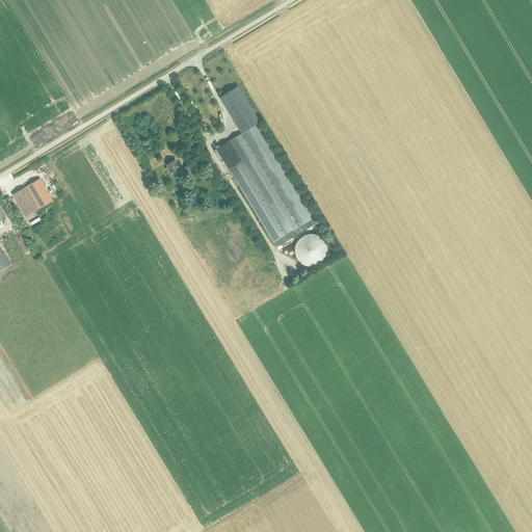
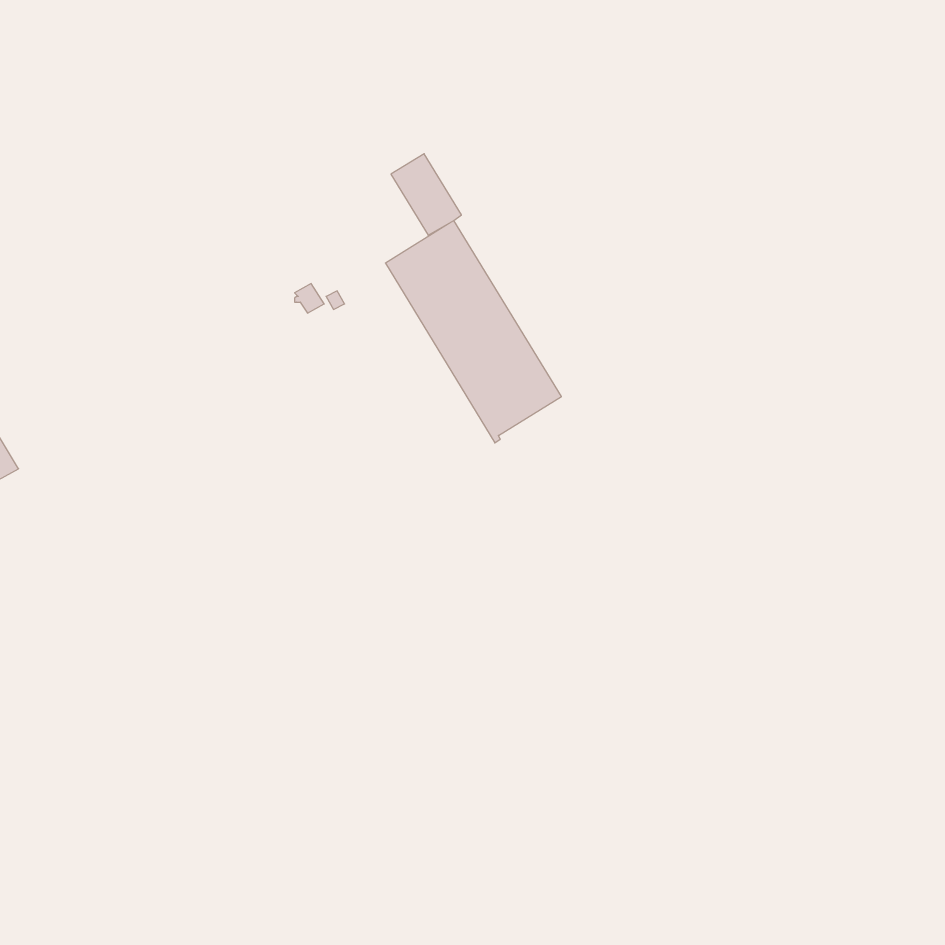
building: [11,177,52,216] -> none
building: [294,233,326,265] -> none

